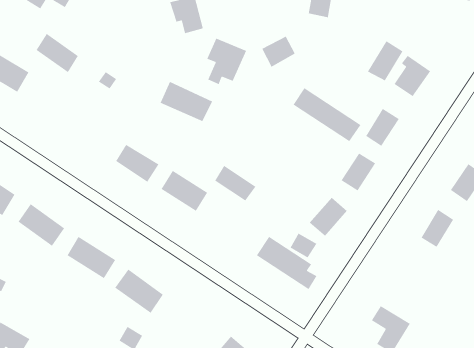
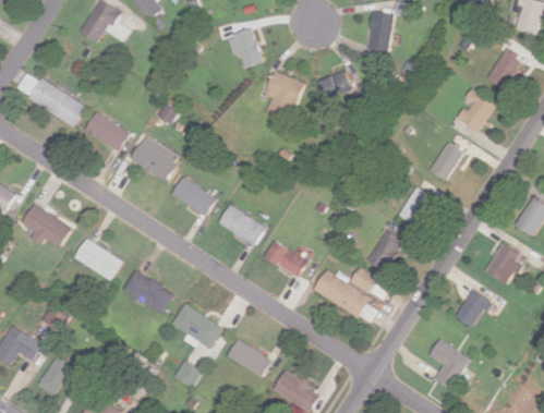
building: [36,33,79,73] -> [86,111,130,151]
building: [367,40,404,81] -> [482,47,519,88]
building: [160,81,213,122] -> none
building: [292,87,361,142] -> none
building: none -> [130,138,176,181]
building: [214,165,256,202] -> [266,241,309,278]
building: none -> [456,289,489,327]
building: none -> [228,339,271,378]

